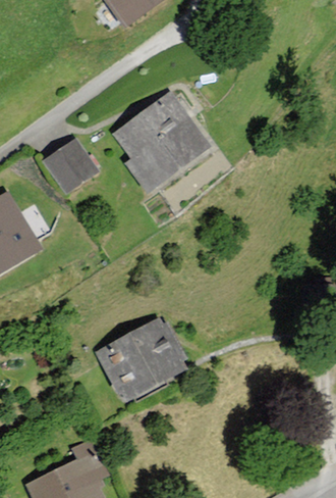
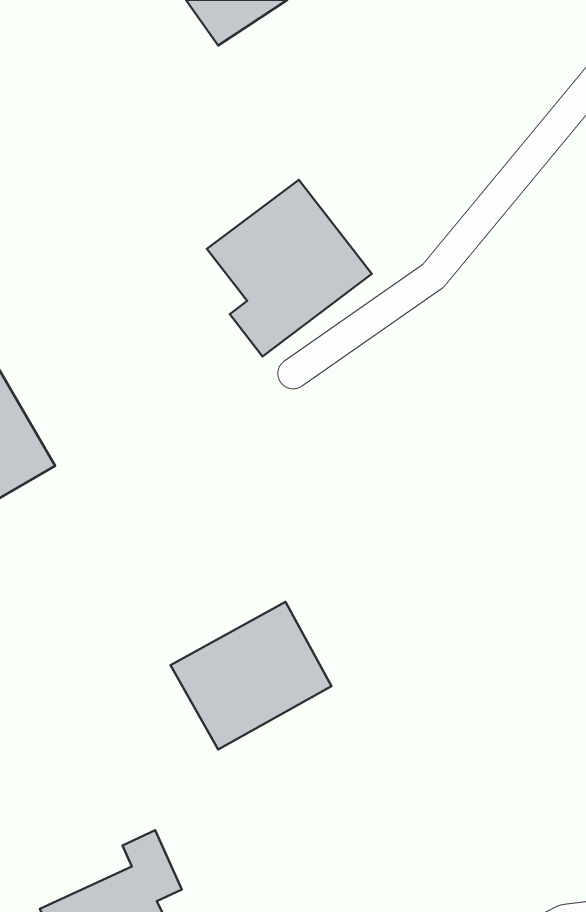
building: [46,141,96,192] -> none

